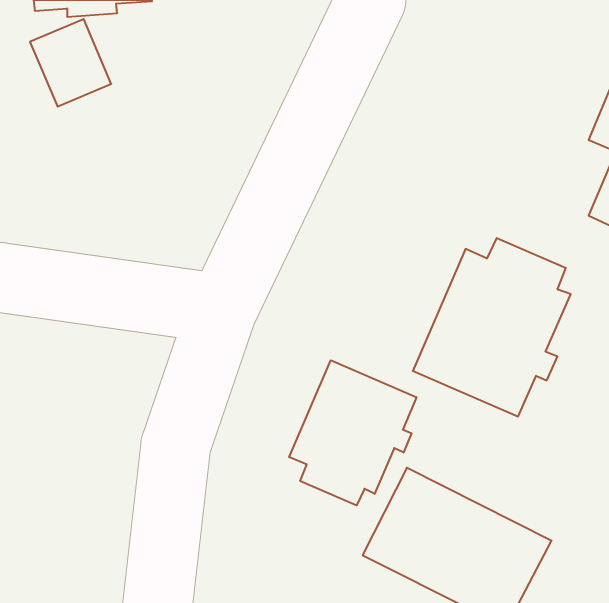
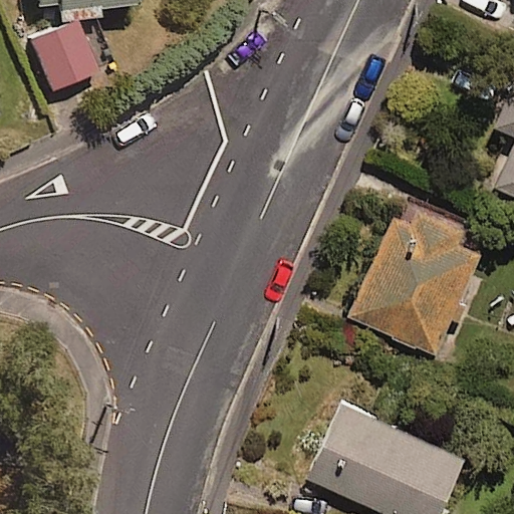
building: [289,360,416,505] -> none

